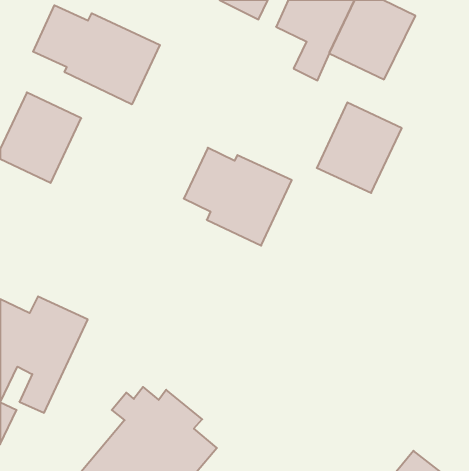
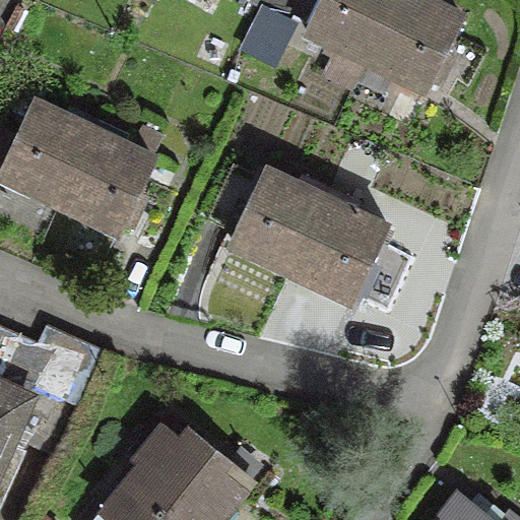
building: [33,5,160,104] -> none
building: [317,102,402,193] -> [290,199,384,299]
building: none -> [59,131,152,231]

